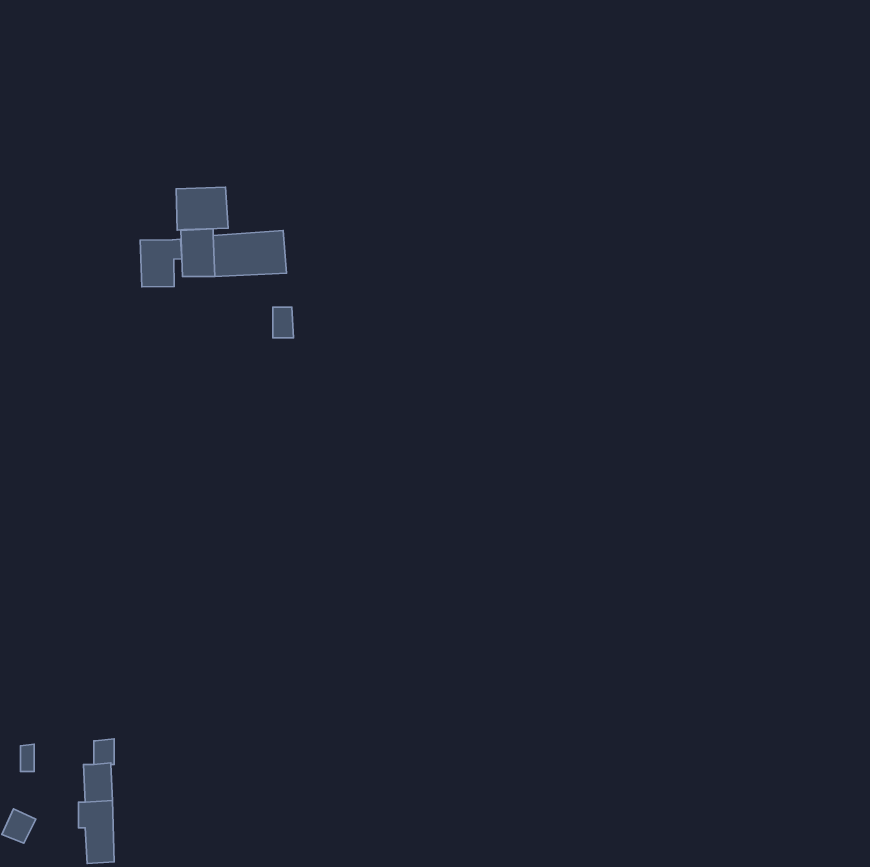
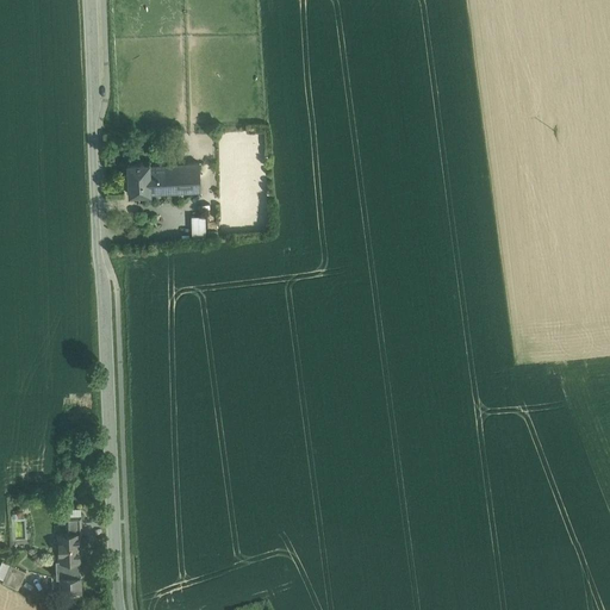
building: [176,187,228,230] -> none
building: [140,239,182,287] -> none

